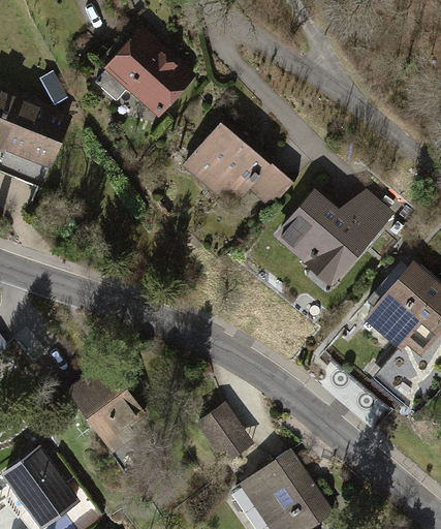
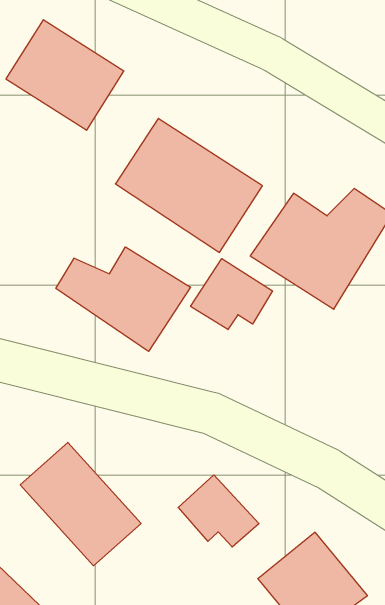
building: none -> [56,247,191,351]
building: none -> [191,259,272,330]

